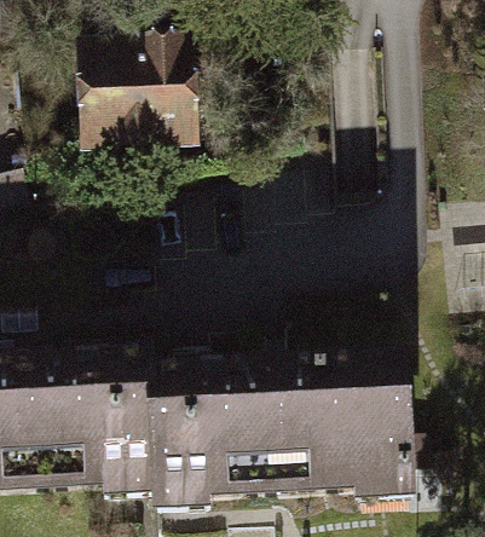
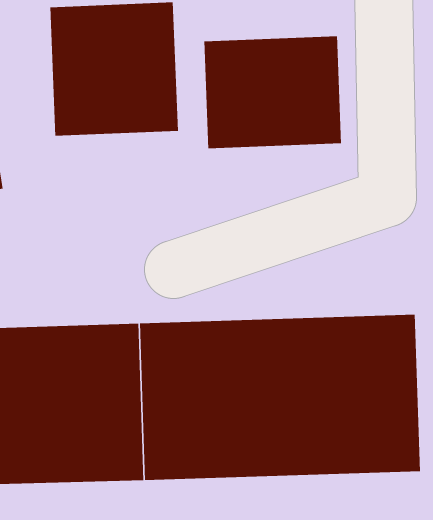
building: none -> [204,35,341,149]

